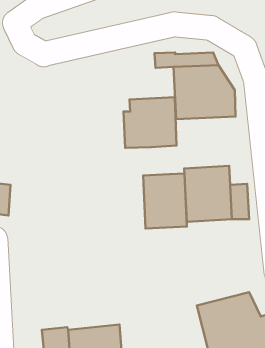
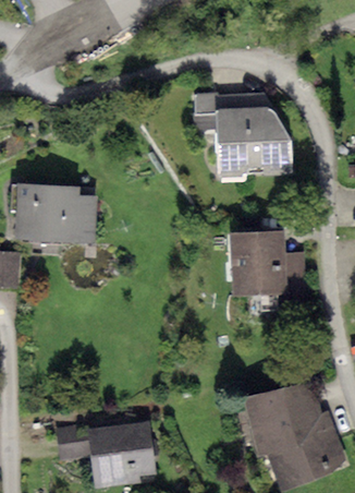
building: [124,97,177,148] -> none
building: none -> [15,184,97,244]
building: [143,173,187,229] -> none

